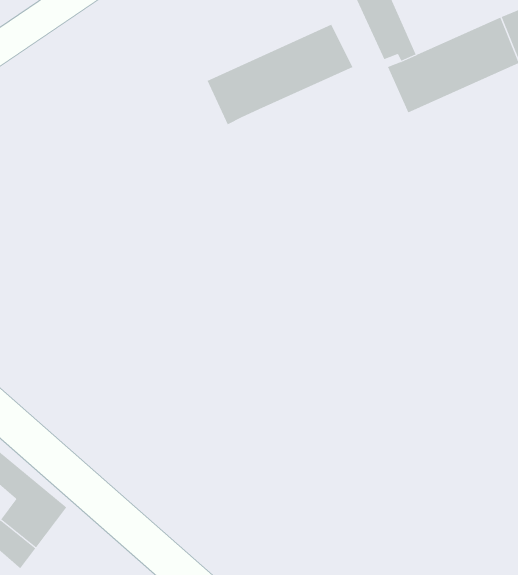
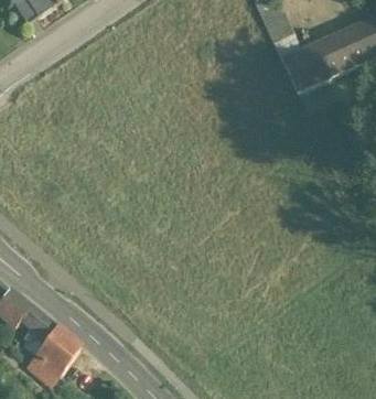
building: [207,24,353,125] -> none

